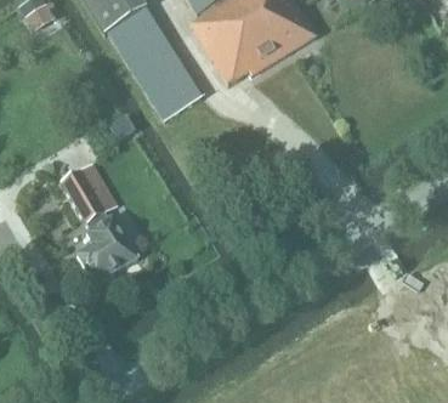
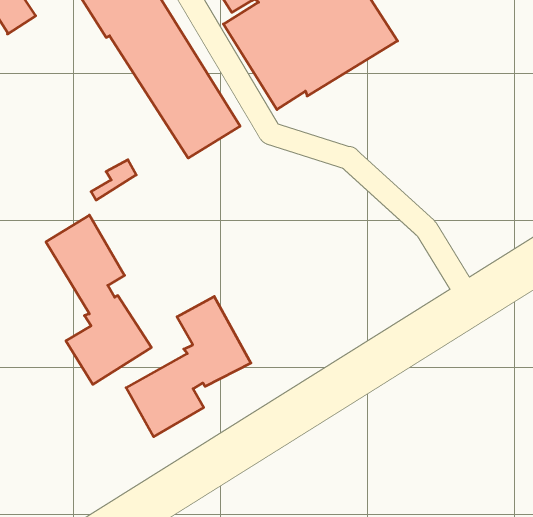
building: none -> [126,296,251,437]

